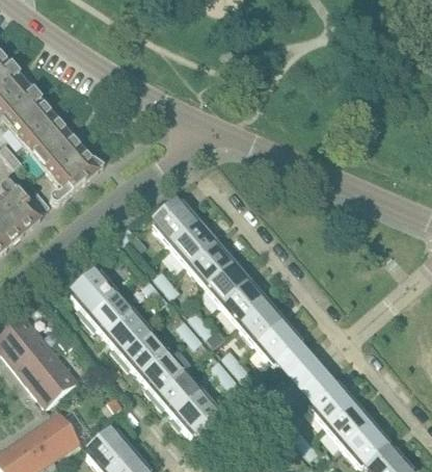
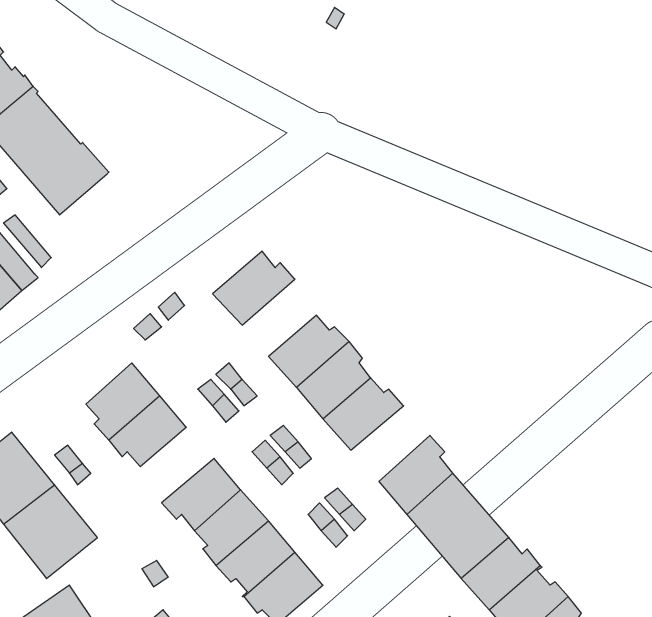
building: [50,151,104,203] -> none
building: [169,217,216,266] -> none
building: [238,297,288,345] -> none
building: [105,311,152,359] -> none

